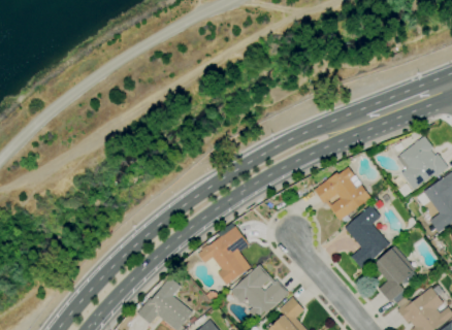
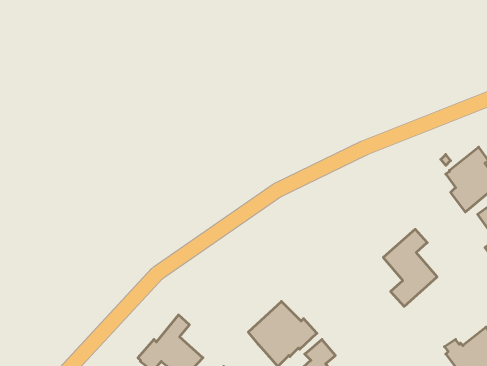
building: [315,167,370,225] -> none
building: [198,226,249,285] -> none
building: [374,246,416,303] -> none

